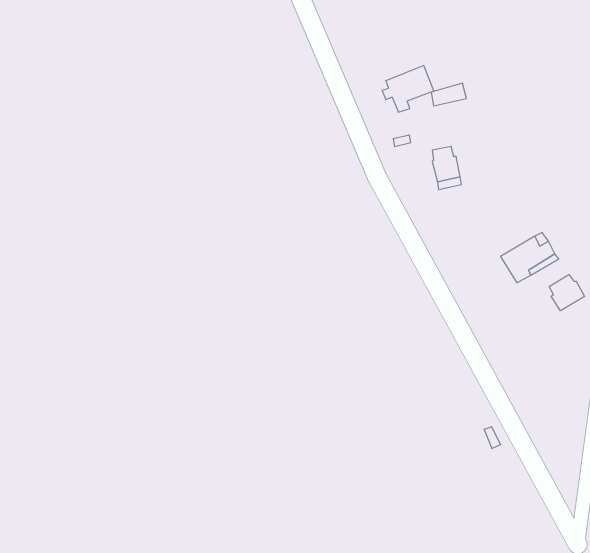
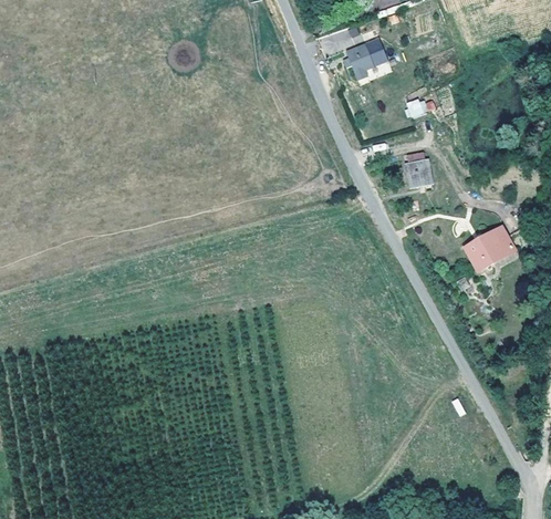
building: [382,66,434,112] -> [341,39,386,80]
building: [549,275,585,311] -> none

